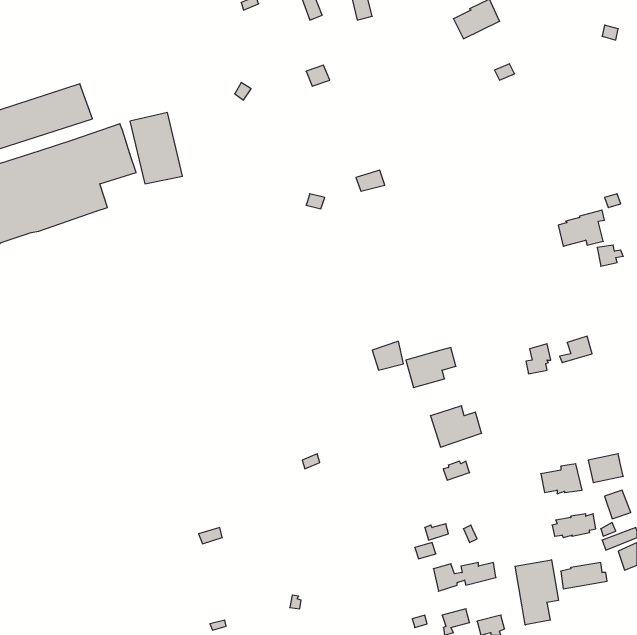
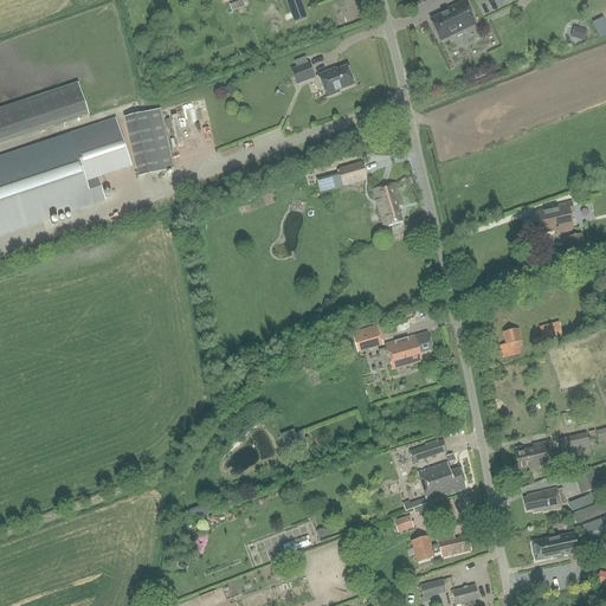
building: none -> [317,64,353,95]
building: none -> [373,181,402,225]
building: [430,406,482,447] -> [417,459,465,498]
building: [515,560,558,625] -> none

